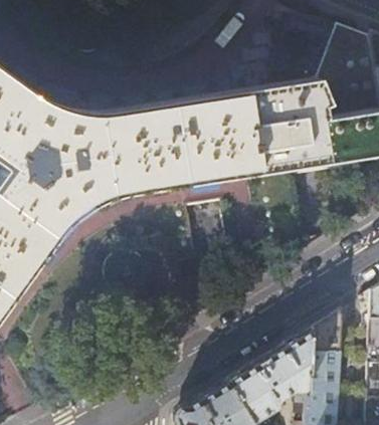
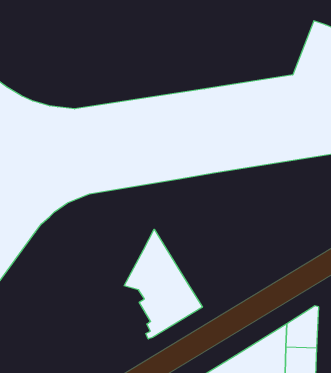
building: none -> [124,229,202,339]

